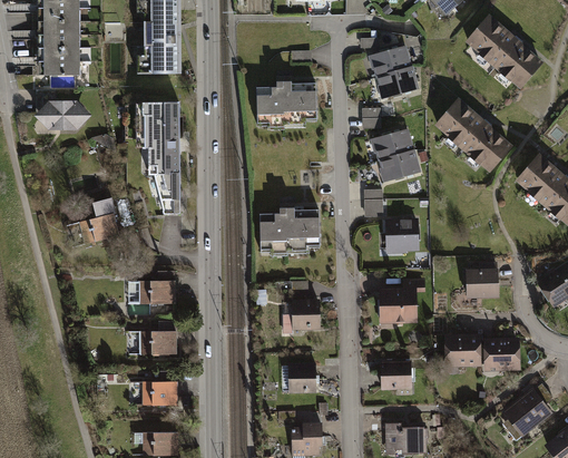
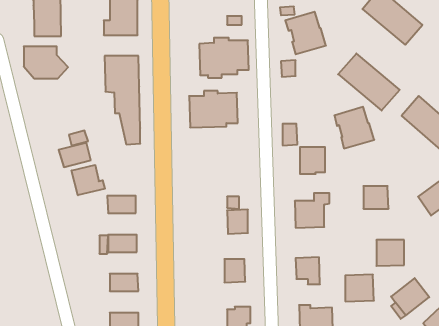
building: [370,128,421,182] -> [334,107,374,148]
building: [259,205,322,252] -> [189,91,238,127]
building: none -> [72,165,105,195]
building: [444,332,481,367] -> [345,275,374,301]

